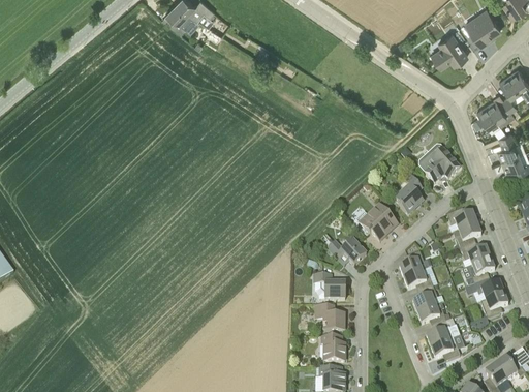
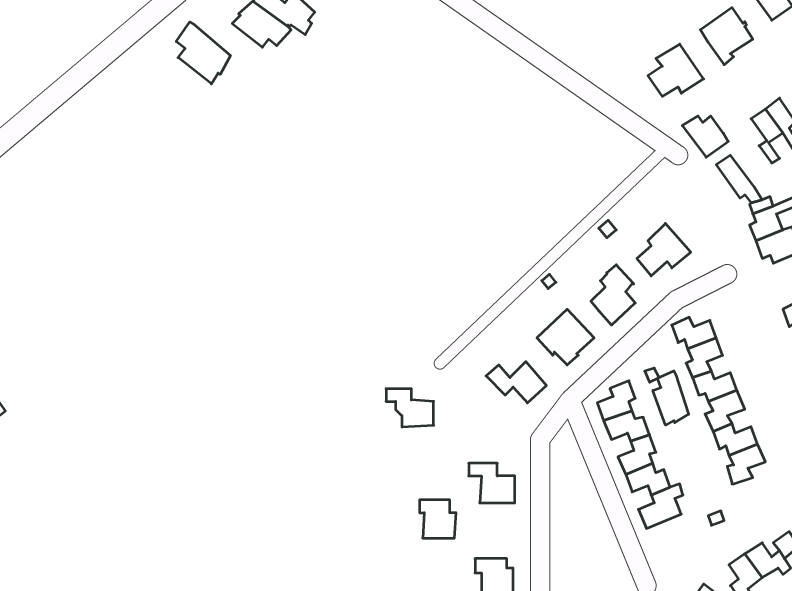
building: none -> [176,22,230,84]
building: [486,96,516,123] -> [682,116,728,157]
building: none -> [653,371,689,425]
building: [314,273,345,298] -> [386,389,434,427]
building: [321,334,345,359] -> [420,500,456,538]
building: [431,336,460,358] -> none

